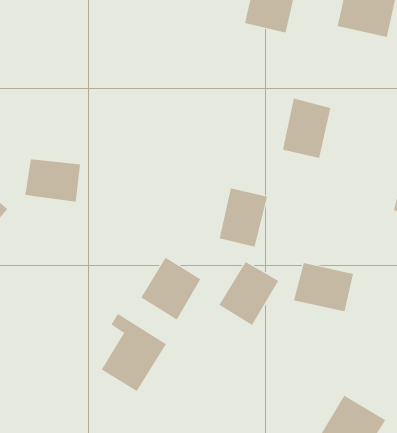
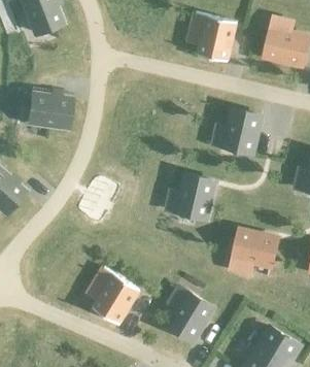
building: [25,159,81,202] -> [28,95,69,127]
building: [140,257,201,321] -> none
building: [219,261,279,326] -> [168,293,212,340]

